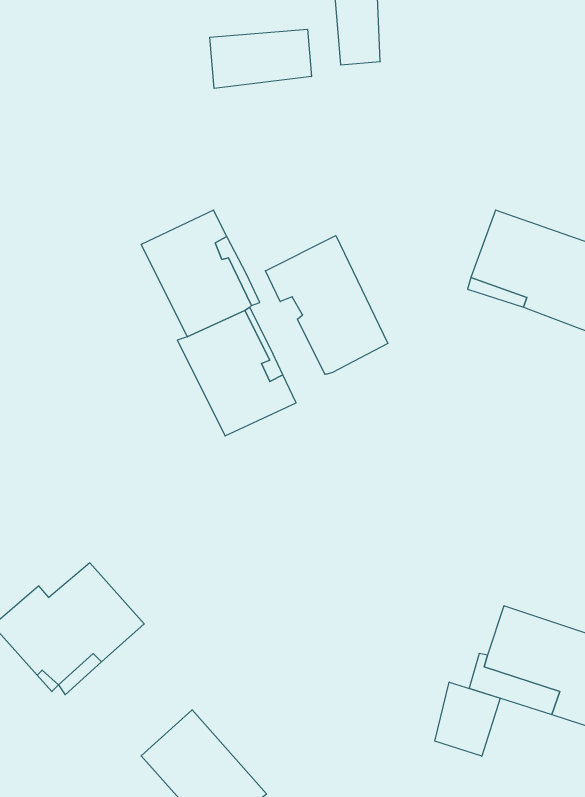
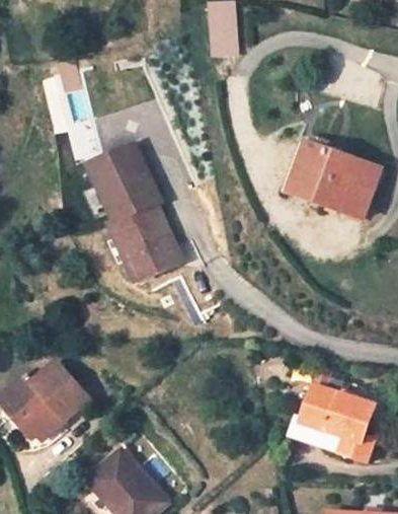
building: [210,29,311,88] -> none
building: [265,236,388,374] -> none
building: [435,682,500,756] -> none

